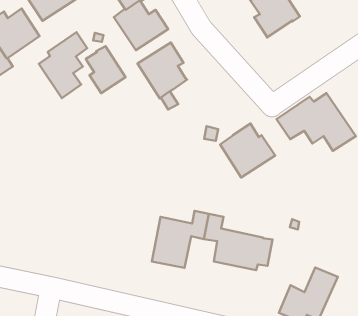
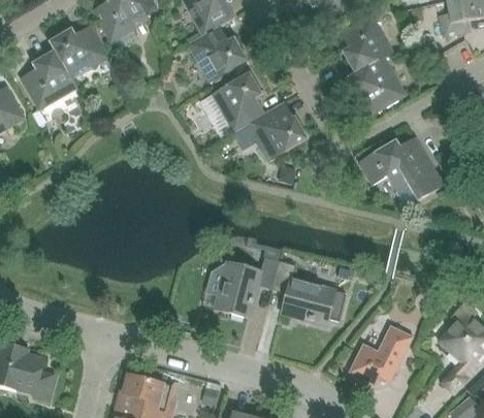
building: none -> [344,57,404,112]
building: [39,32,87,98] -> none
building: [86,46,125,93] -> none
building: [220,123,275,178] -> [249,102,308,160]

